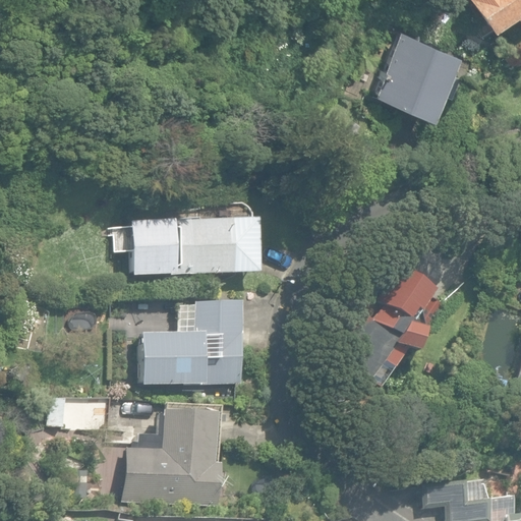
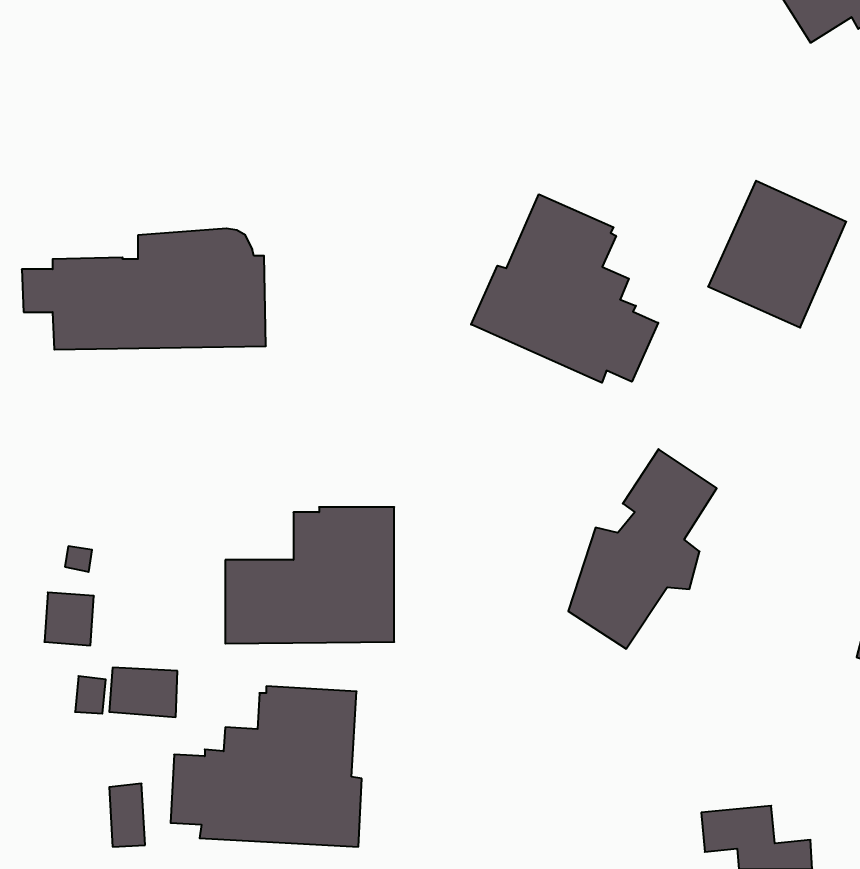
building: [374,27,457,115] -> [708,181,846,328]
building: none -> [471,194,658,383]
building: [116,202,262,275] -> [22,228,266,350]

